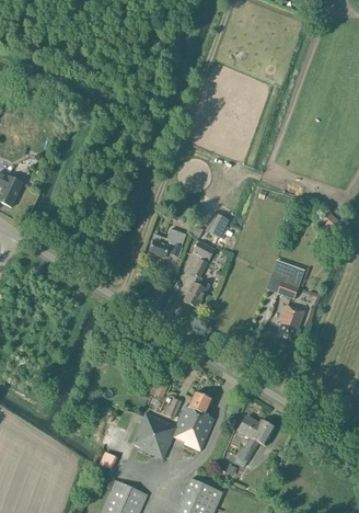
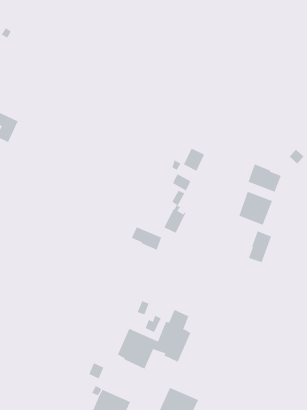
building: [149,228,186,258] -> none
building: none -> [248,164,282,192]
building: none -> [131,226,162,250]
building: [234,415,275,466] -> none

